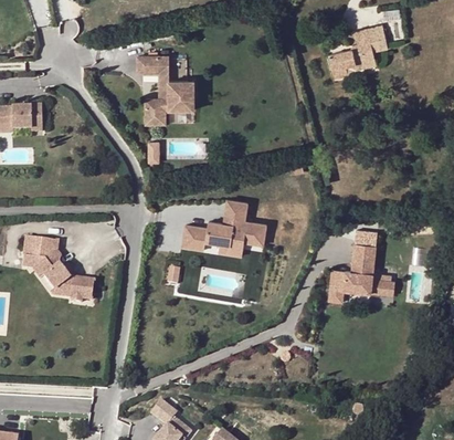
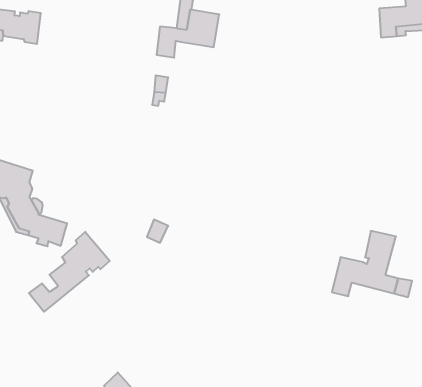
building: [176,197,263,255] -> none
building: none -> [29,232,110,312]

